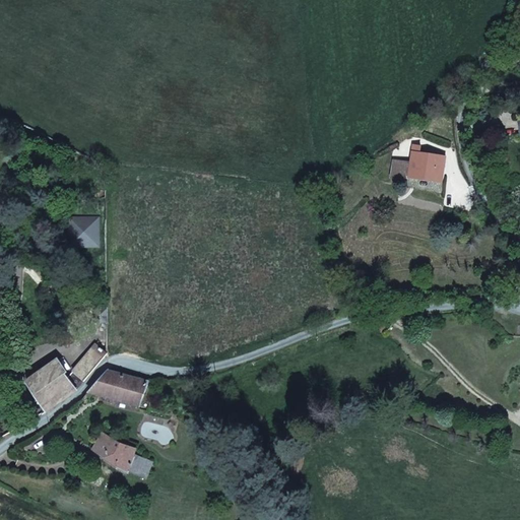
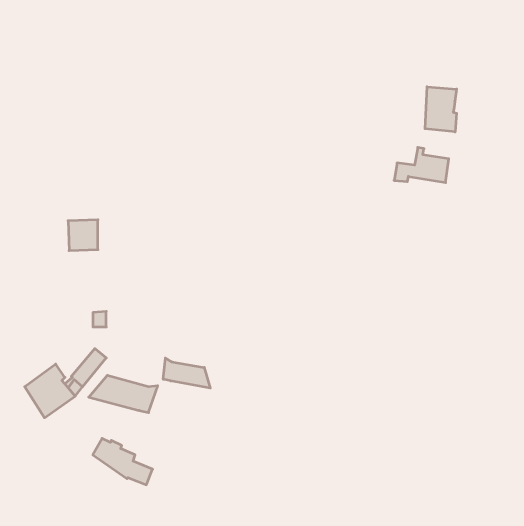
building: none -> [425,87,457,132]
building: none -> [163,358,210,388]

